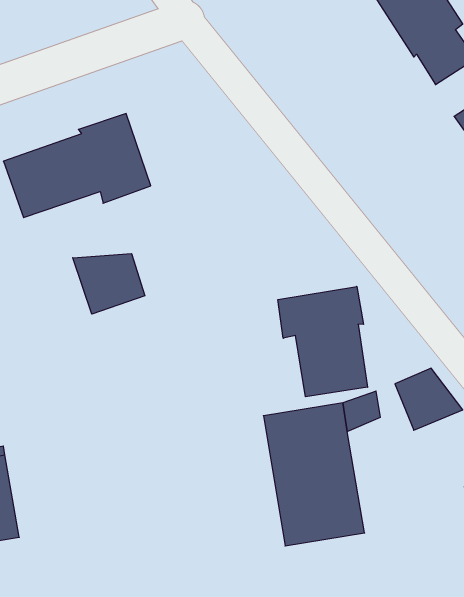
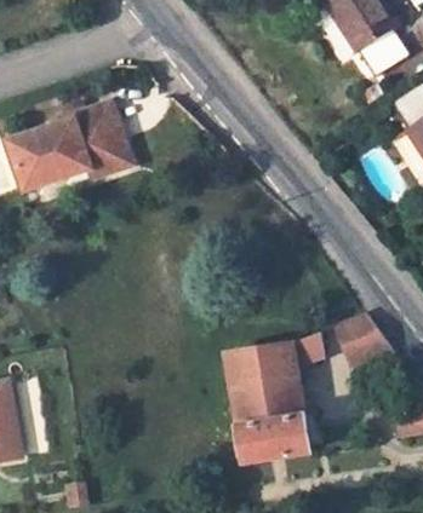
building: [73,254,145,314] -> none
building: [278,286,368,397] -> none

